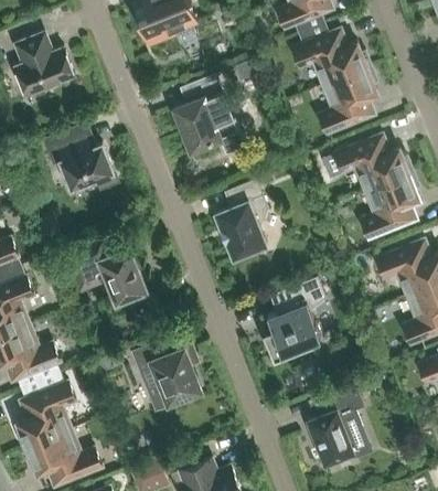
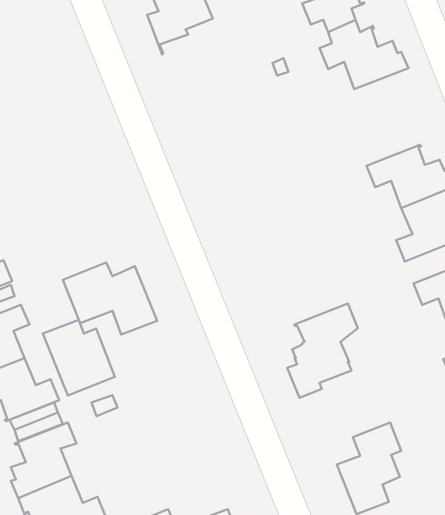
building: [15,34,76,97] -> none
building: [319,67,377,135] -> none
building: [174,75,224,152] -> none
building: [44,129,118,191] -> none
building: [216,181,268,258] -> none
building: [137,341,201,408] -> [43,320,115,396]

